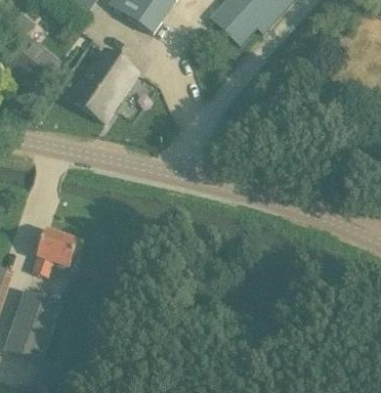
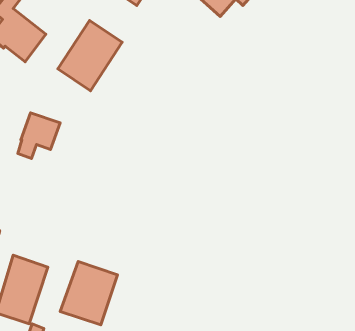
building: [34,228,78,275] -> [18,113,60,159]
building: none -> [60,261,118,325]

